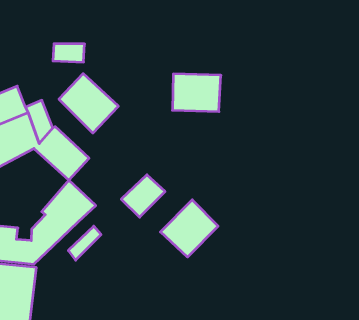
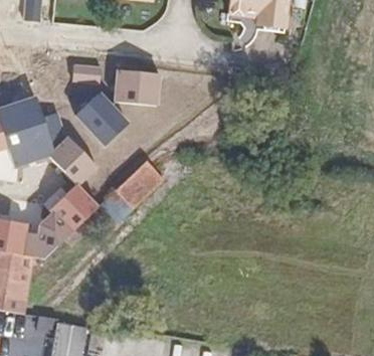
building: [172,74,221,112] -> [109,65,154,102]
building: [160,200,218,257] -> none

